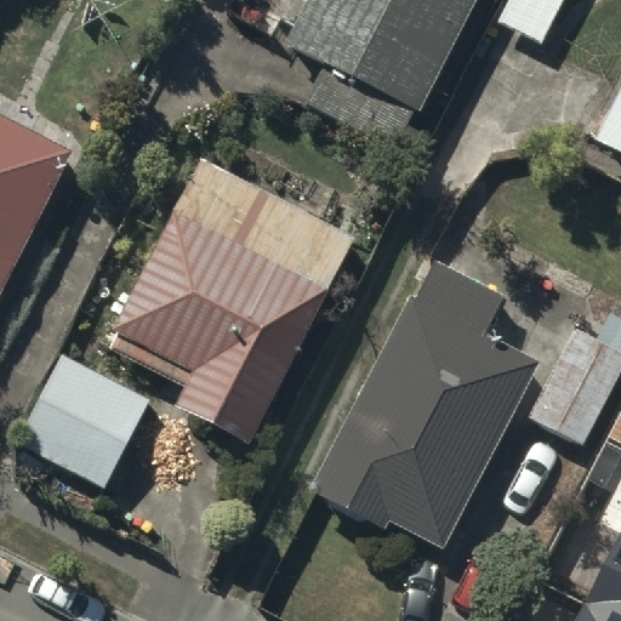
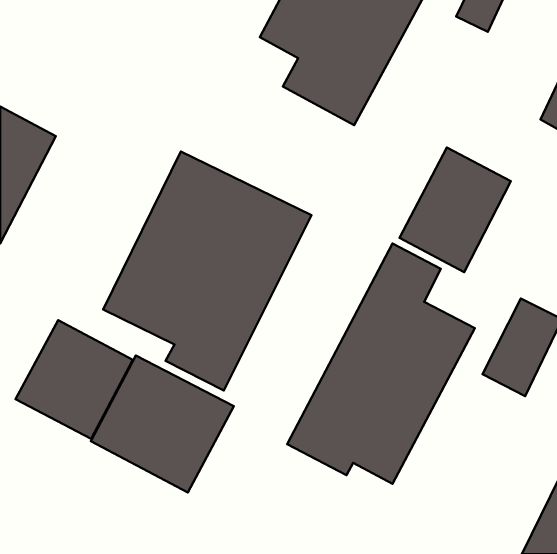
building: none -> [399,148,511,272]
building: none -> [91,356,234,492]

